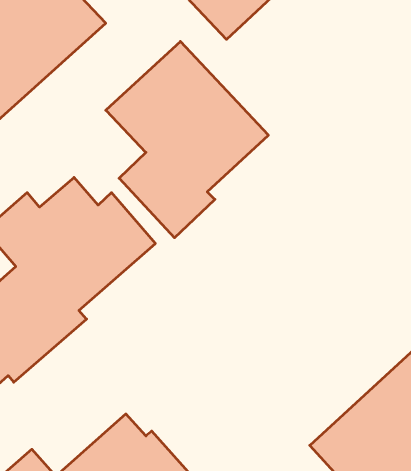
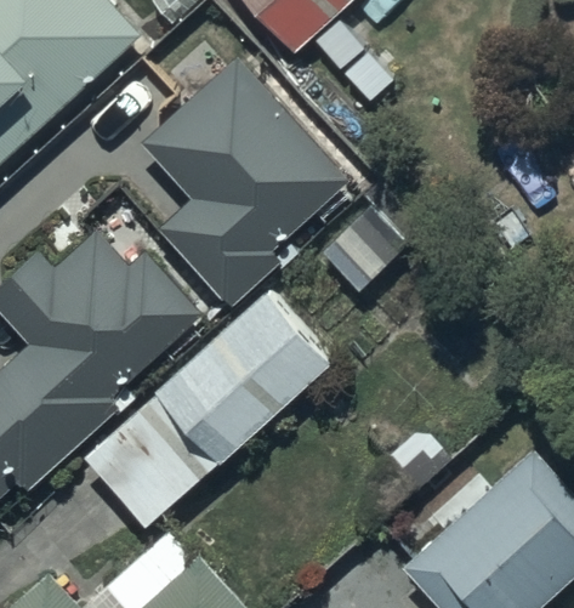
building: none -> [83,289,333,530]

